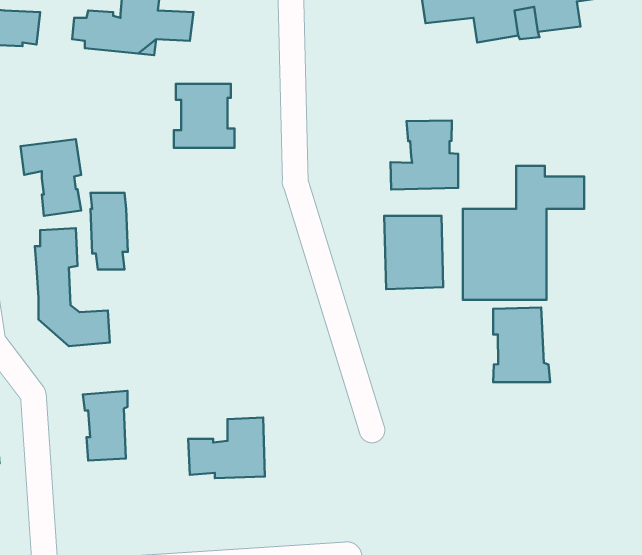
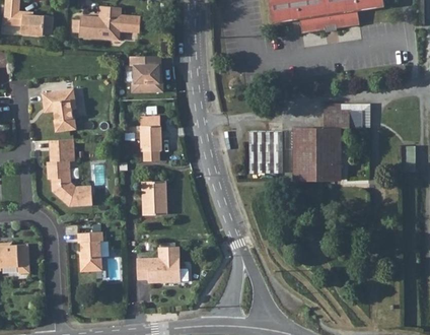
building: [390,120,458,189] -> none
building: [91,193,128,270] -> [140,117,161,160]
building: none -> [142,181,166,215]
building: [493,308,550,382] -> none

